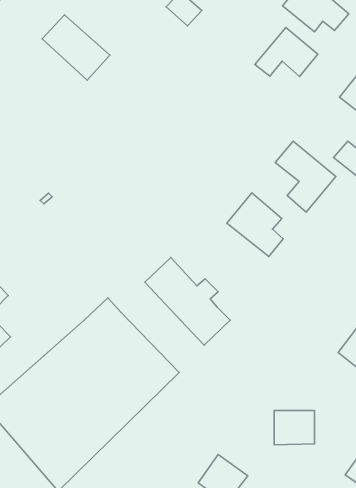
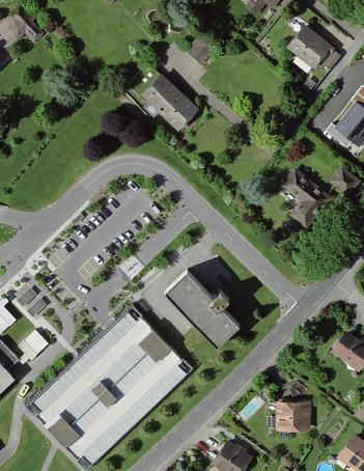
building: [42,15,110,80] -> [139,76,198,133]
building: [255,27,318,76] -> none
building: [227,193,283,257] -> none

